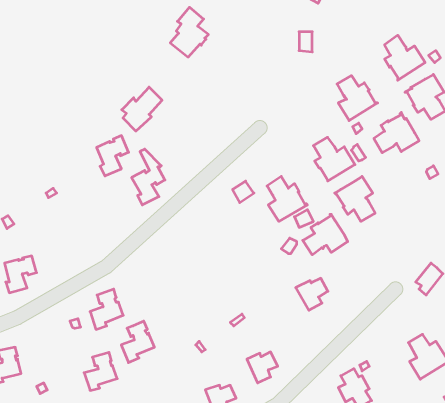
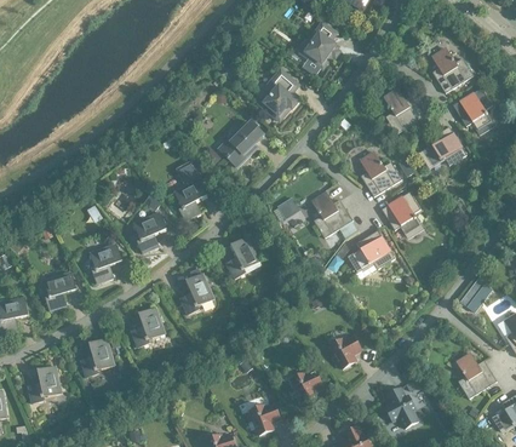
building: [170,7,208,57] -> [259,70,298,121]
building: none -> [303,24,336,70]
building: [122,87,162,131] -> [220,121,262,166]
building: [97,136,129,176] -> [132,212,165,253]
building: none -> [224,236,258,279]
building: none -> [88,243,121,283]
building: [296,278,328,310] -> [327,336,360,368]
building: [121,321,154,363] -> [178,273,212,315]
building: [84,352,117,390] -> [79,338,113,377]

